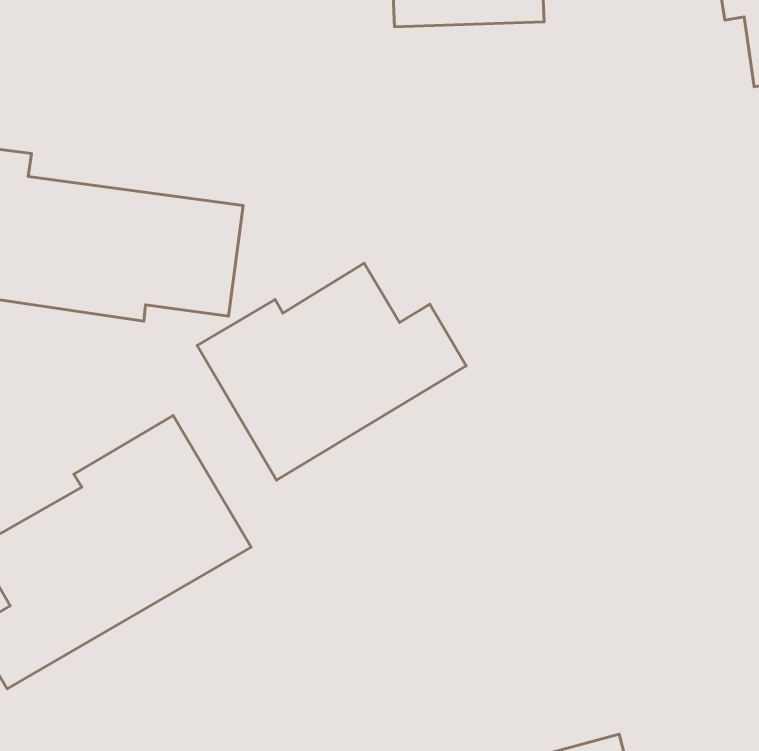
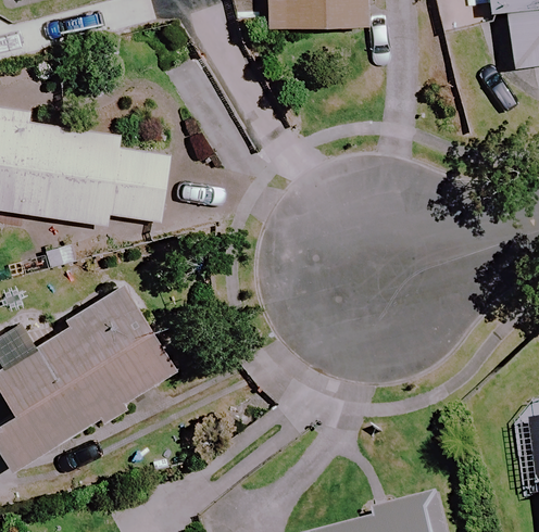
building: [197,263,466,480] -> none

